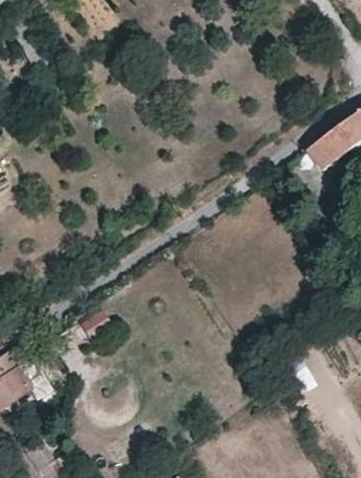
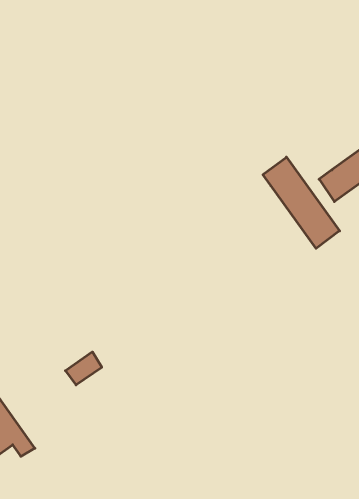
building: none -> [263,157,340,248]

